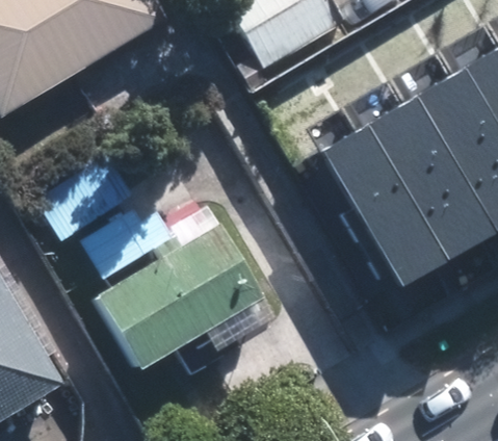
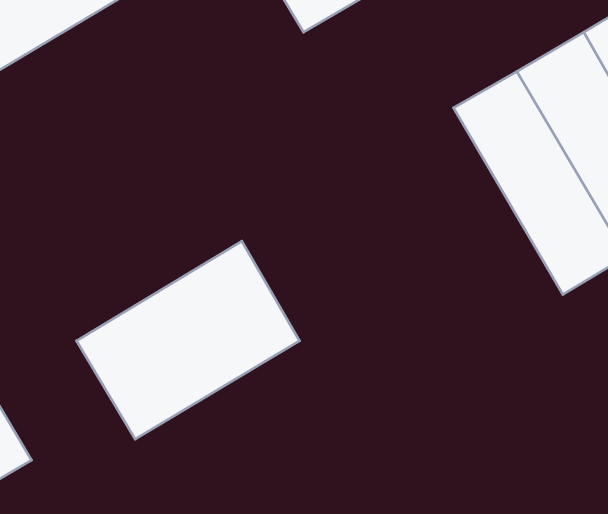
building: [322,124,454,292] -> none

